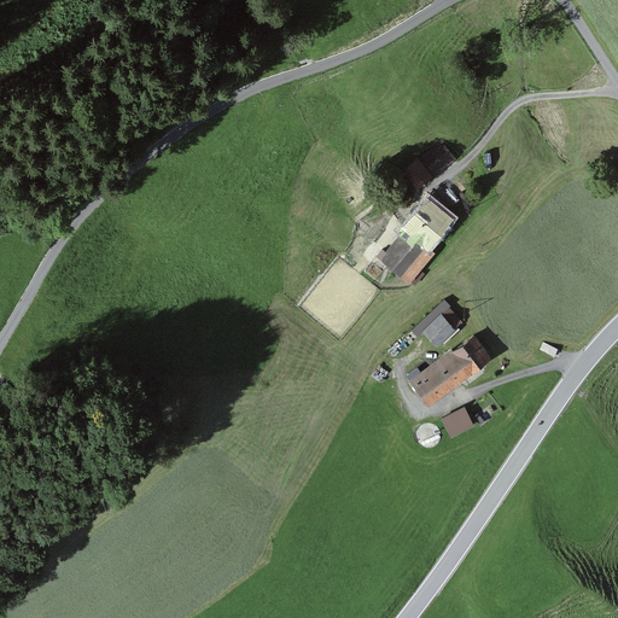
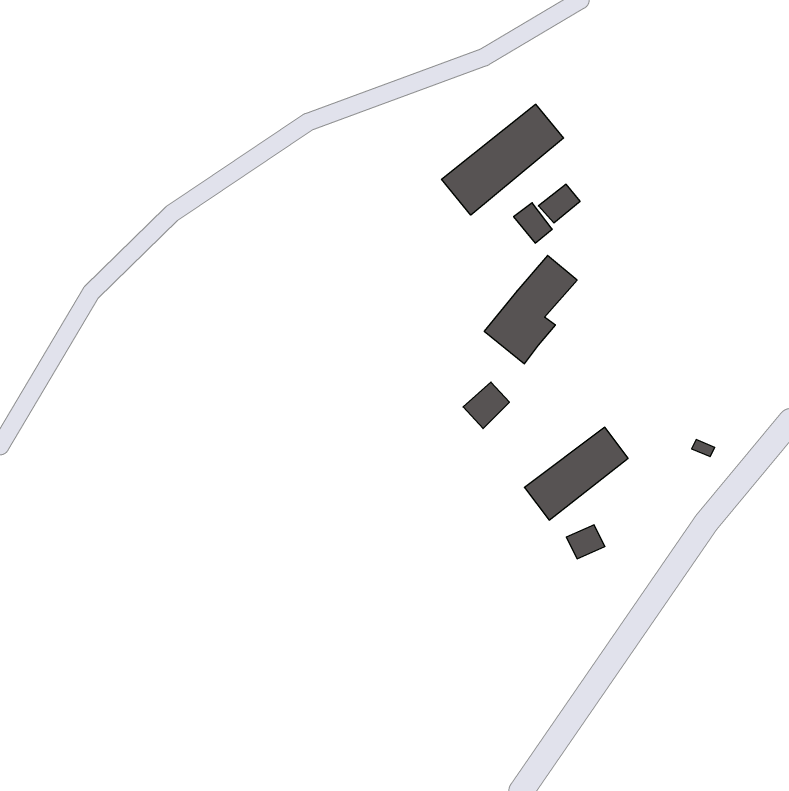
building: none -> [442,104,564,215]
building: [421,313,457,349] -> [463,382,509,429]

